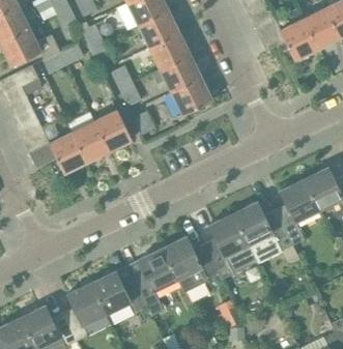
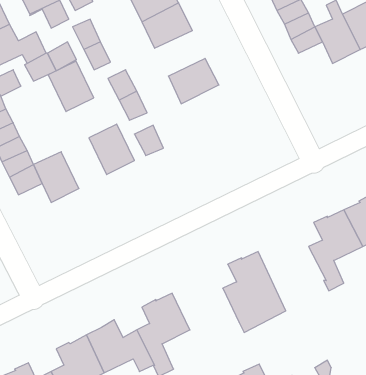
building: [148,33,190,70] -> none
building: [170,78,212,115] -> none
building: [72,121,109,163] -> [48,61,94,112]
building: [233,202,298,264] -> none
building: [163,236,218,293] -> none

